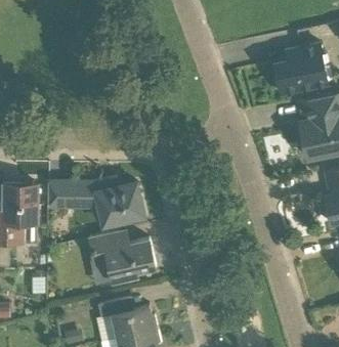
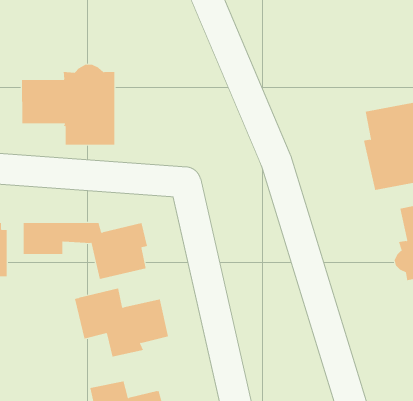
building: [274,42,328,93] -> none
building: none -> [21,64,115,145]

